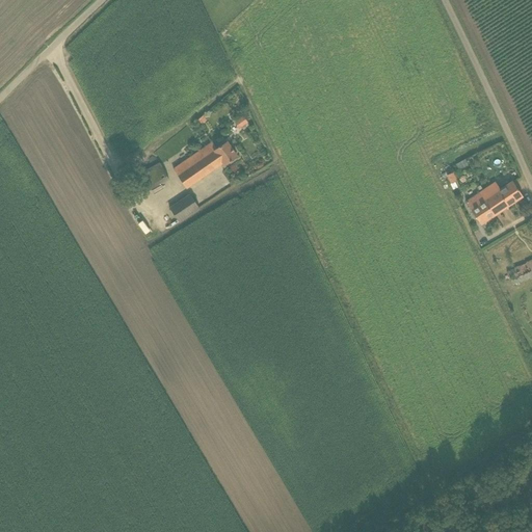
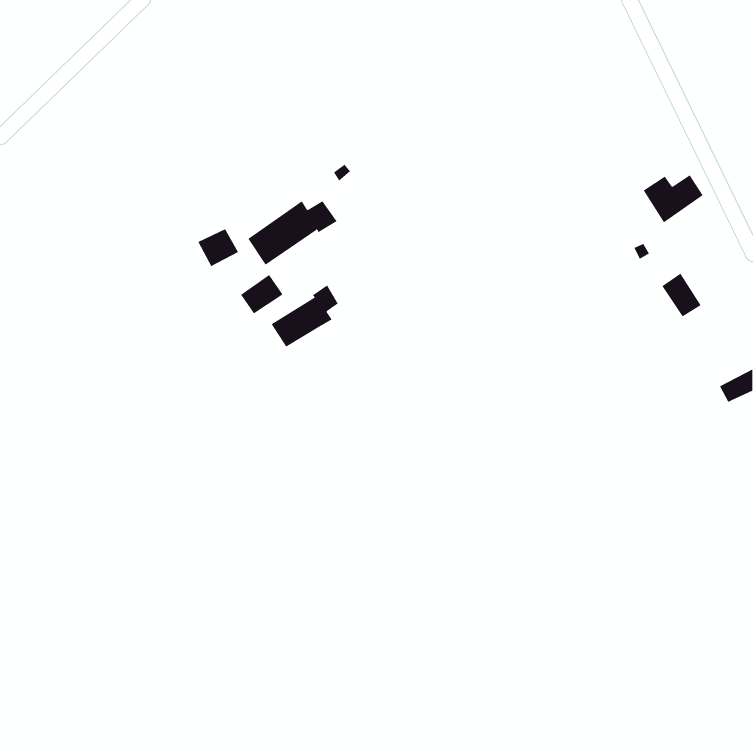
building: [480,181,523,215] -> [643,174,703,223]
building: none -> [271,285,339,347]

